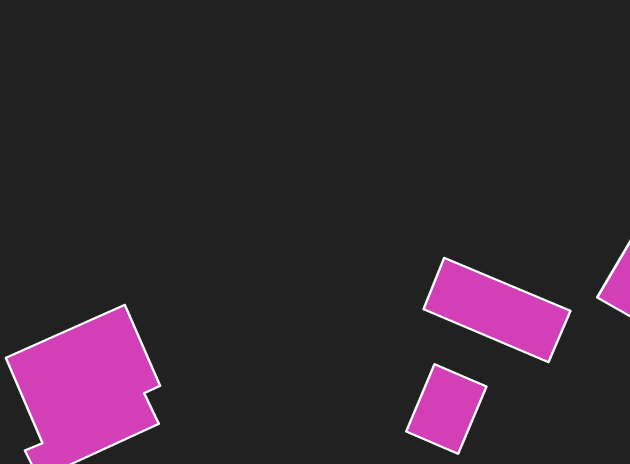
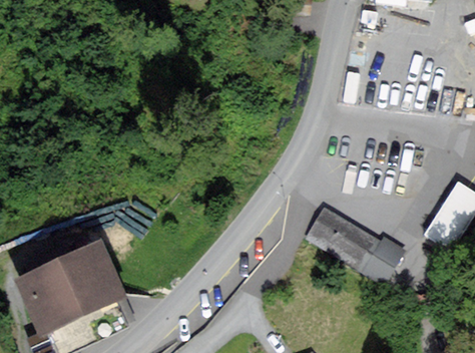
building: [406,364,486,454] -> none

